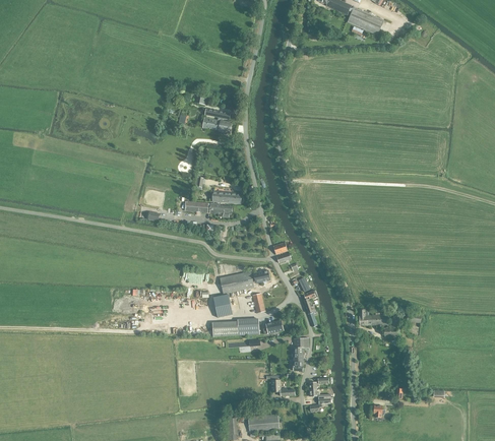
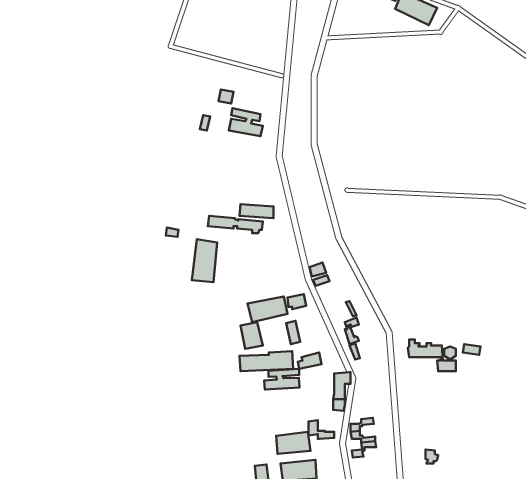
building: none -> [192,239,217,282]
building: none -> [264,369,299,389]
building: none -> [276,432,311,454]

